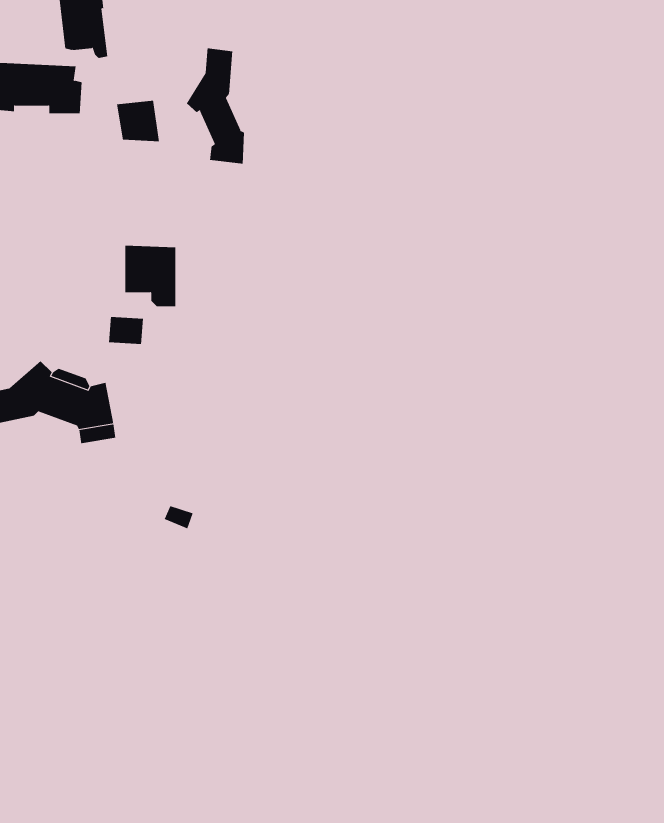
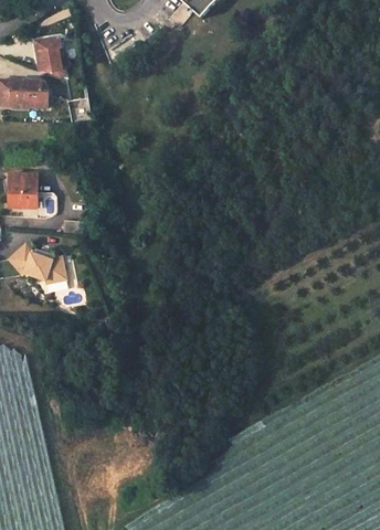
building: [186,48,244,164] -> none
building: [125,245,176,307] -> [8,173,36,208]

